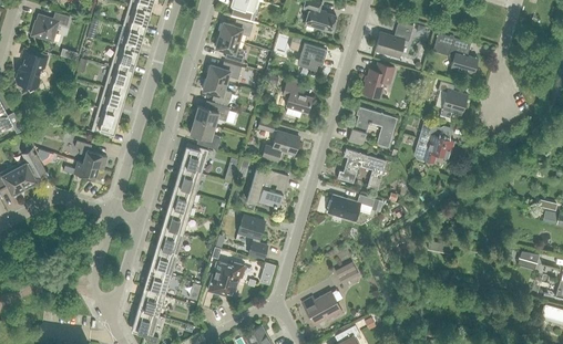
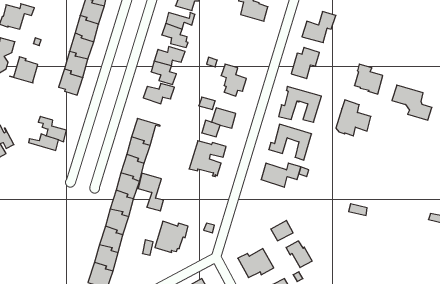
building: [432,33,478,73] -> [392,85,432,120]
building: [290,37,324,75] -> none
building: [86,107,119,137] -> [10,57,38,83]
building: [190,119,221,149] -> none
building: [238,215,267,258] -> [138,173,163,211]
building: none -> [286,241,312,268]

